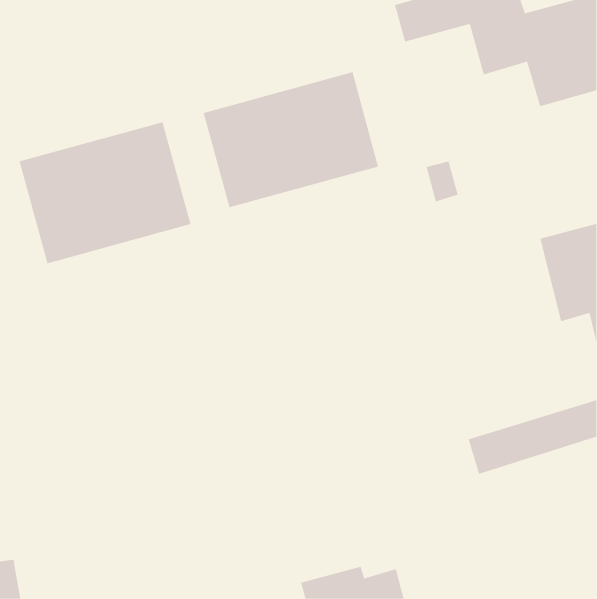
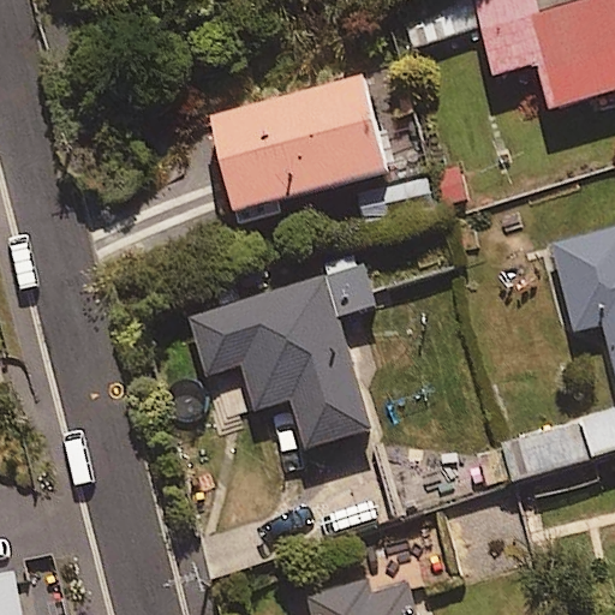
building: [19,121,191,264] -> none
building: none -> [189,251,375,452]

